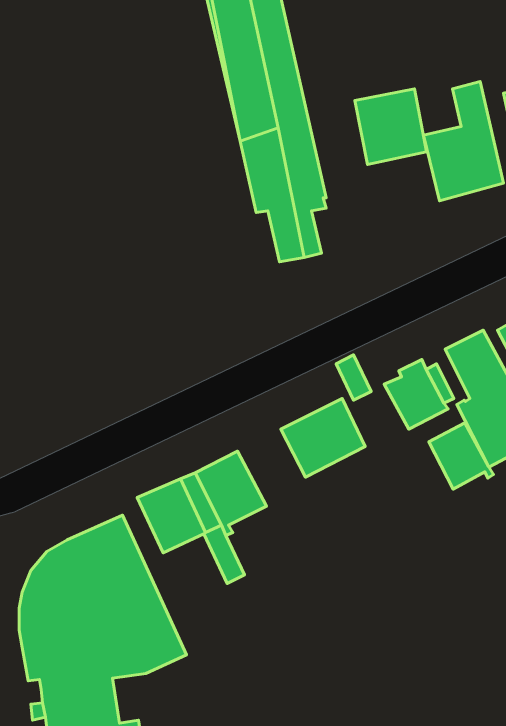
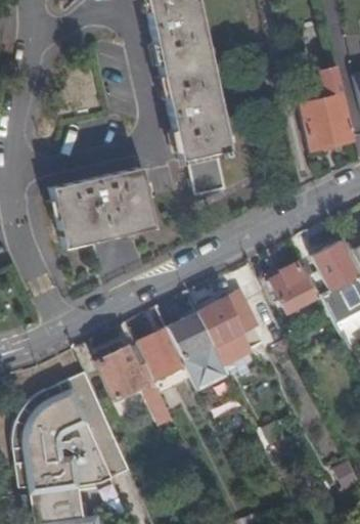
building: [355,89,427,164] -> none
building: none -> [53,166,155,247]
building: [429,423,494,489] -> none
building: none -> [169,311,231,390]

